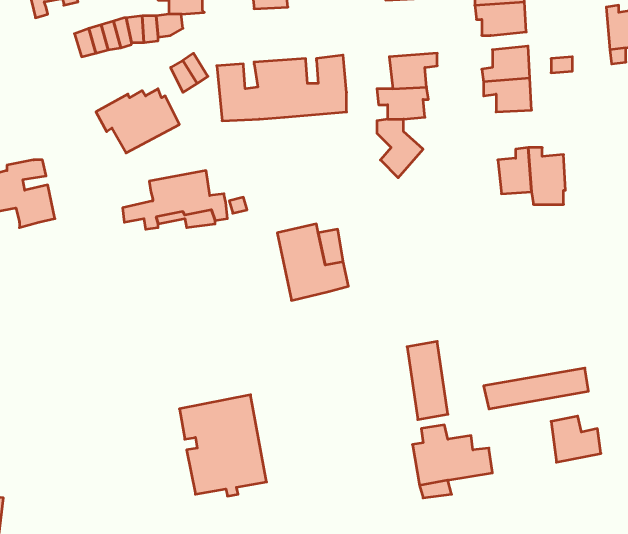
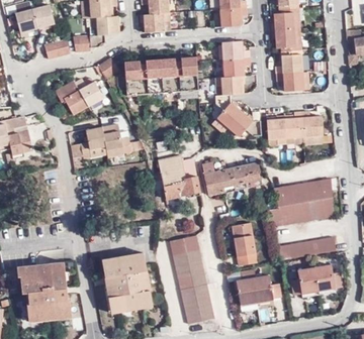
building: none -> [221,40,250,60]
building: none -> [228,112,261,137]
building: none -> [267,115,286,146]
building: none -> [203,160,262,193]
building: none -> [269,178,334,226]
building: none -> [170,234,214,323]
building: none -> [16,262,70,320]
building: none -> [292,266,317,294]

